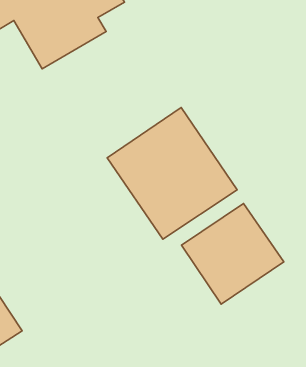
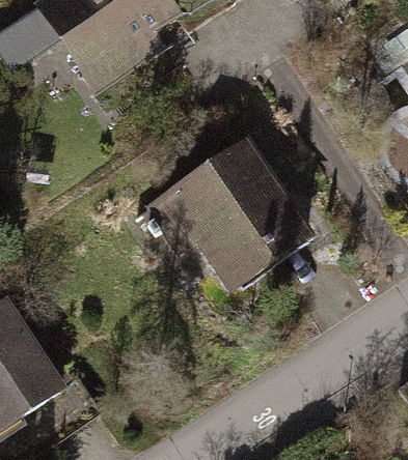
building: [181,203,284,304] -> none

